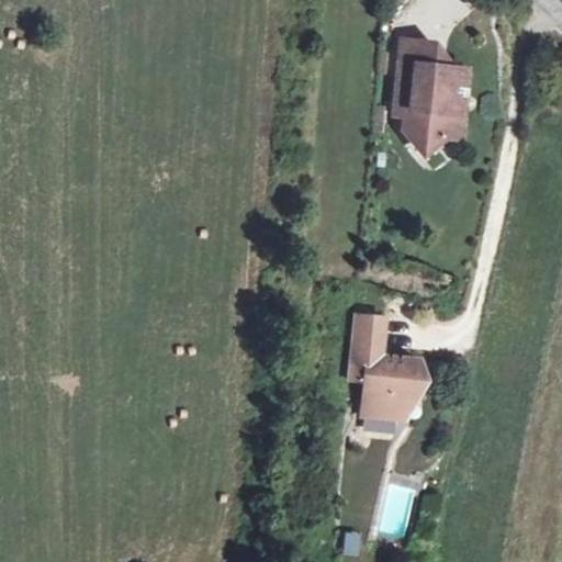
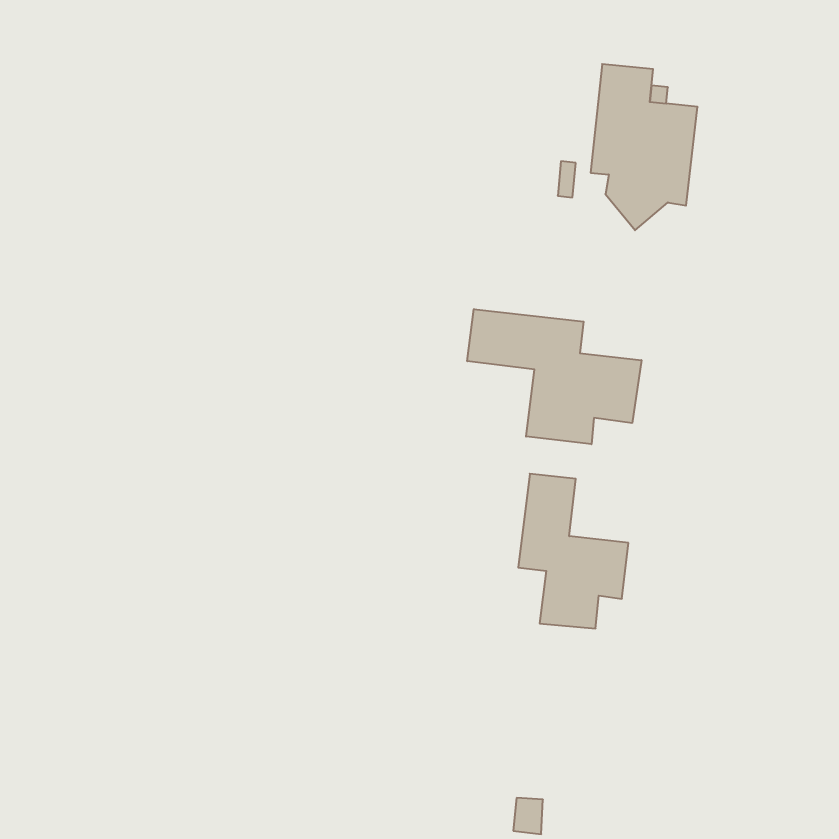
building: none -> [467,309,641,444]

